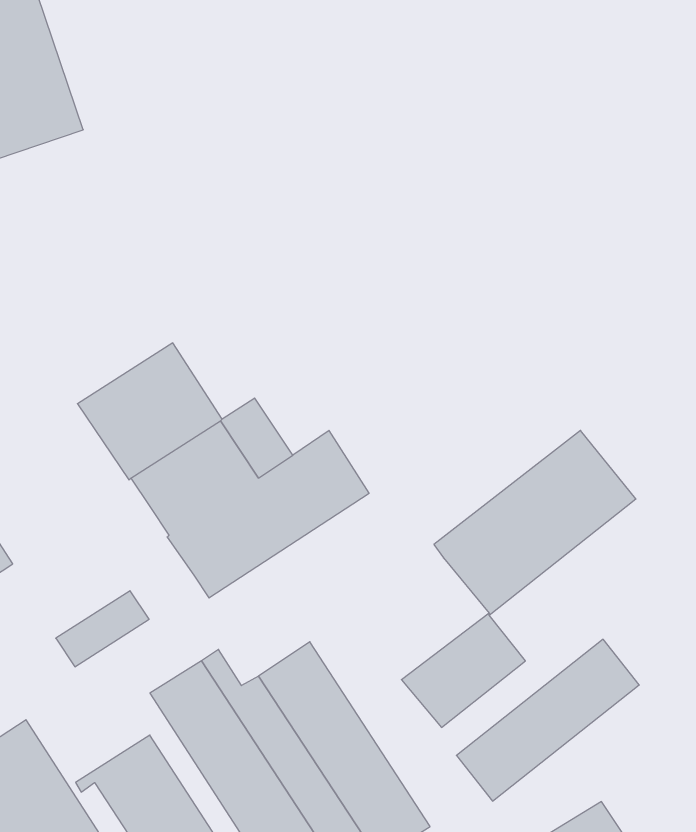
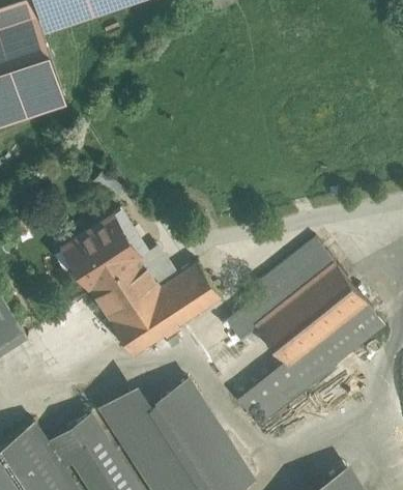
building: none -> [225,241,335,348]
building: [56,591,149,667] -> [50,416,100,458]
building: [456,639,639,801] -> [285,304,384,392]

